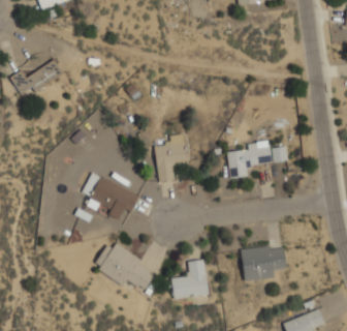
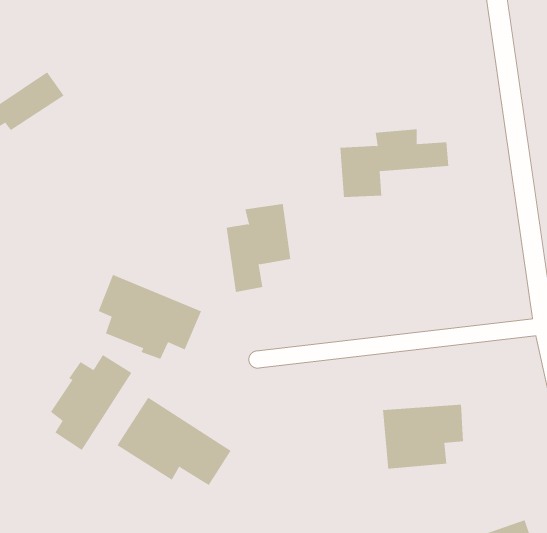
building: [227,140,288,178] -> [340,129,449,198]
building: none -> [50,354,132,451]
building: [170,259,211,299] -> none

